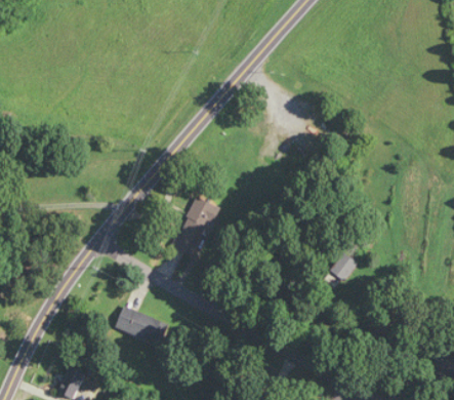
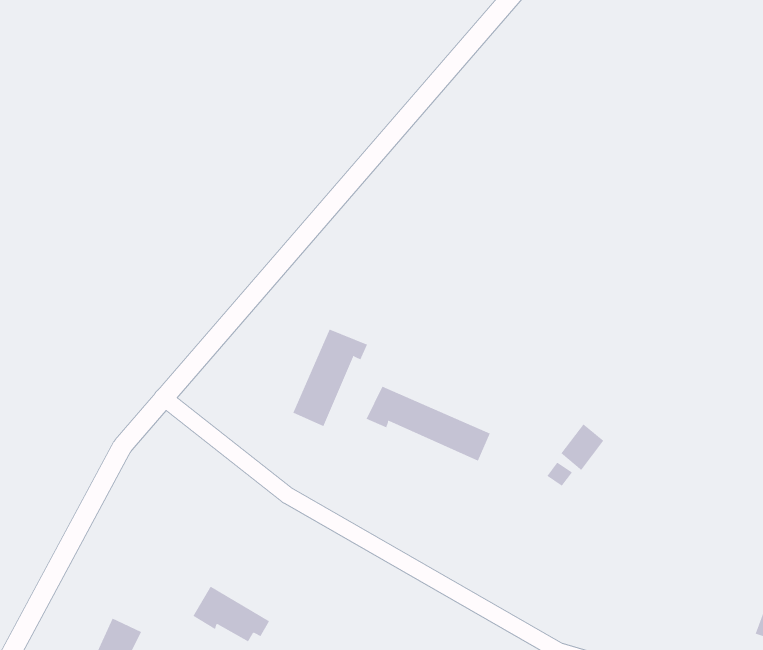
building: none -> [366,386,490,461]
building: [122,307,167,339] -> [193,586,270,642]

